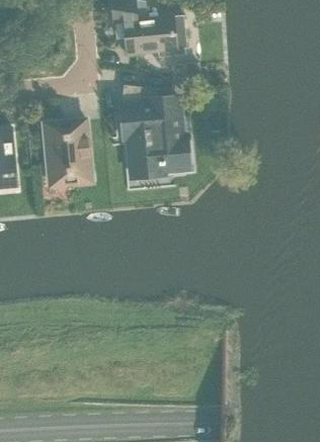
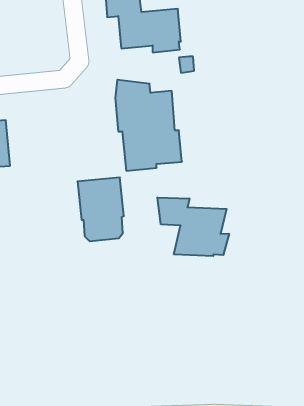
building: [44,120,90,184] -> [77,177,124,241]
building: none -> [157,197,229,256]

